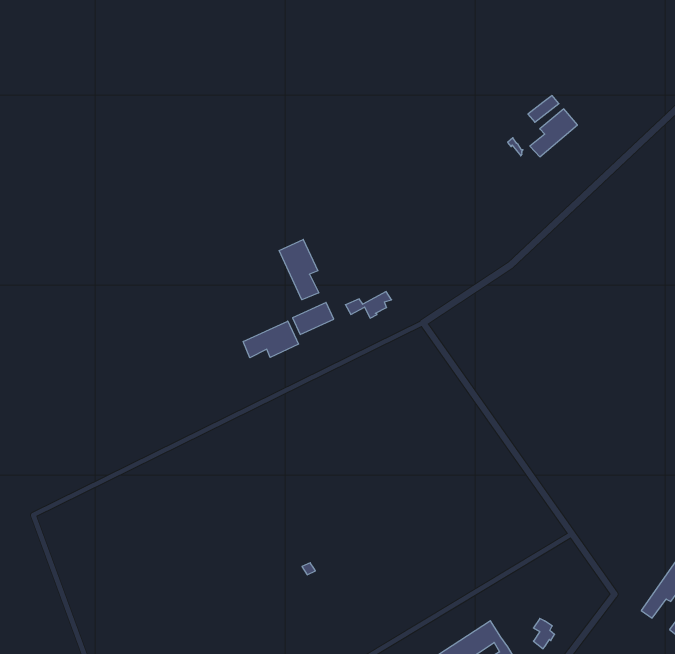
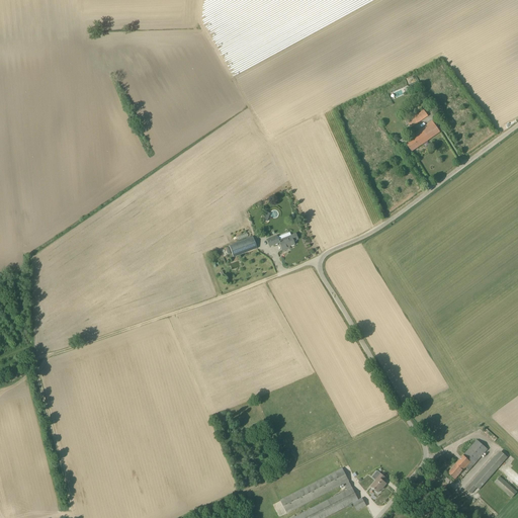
building: [279,239,319,300] -> none
building: [243,321,298,358] -> none

